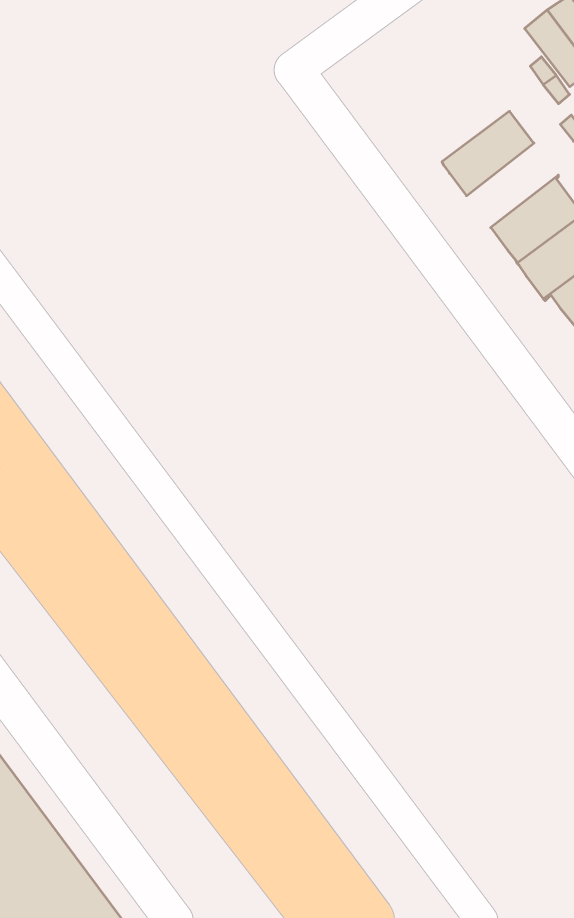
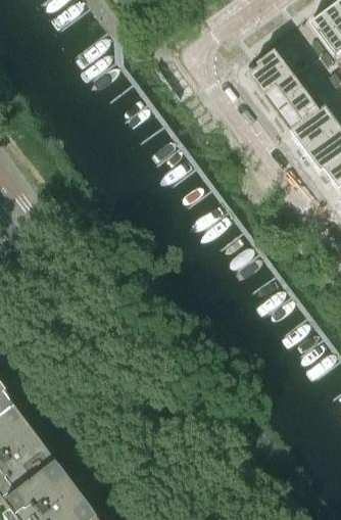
building: none -> [245,44,300,95]
building: none -> [277,85,327,131]

